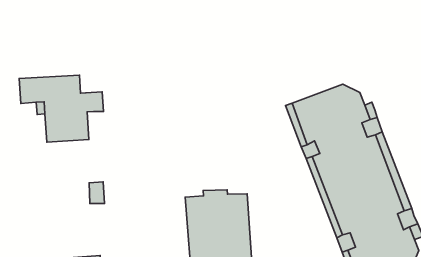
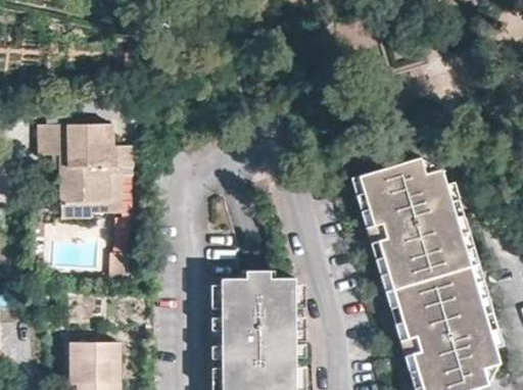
building: none -> [64,169,123,217]

